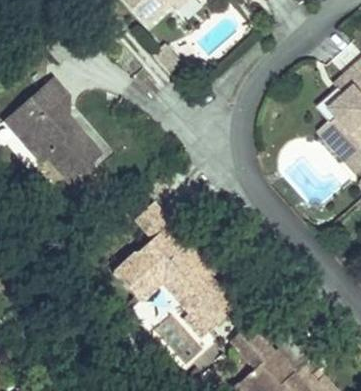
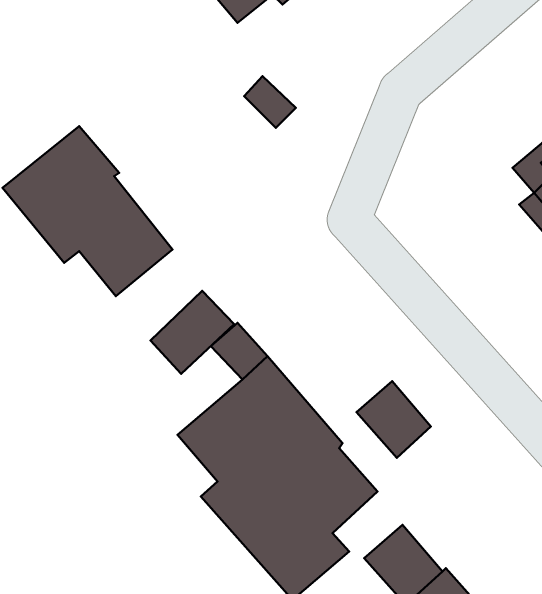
building: none -> [151,291,234,374]
building: none -> [356,381,431,458]

